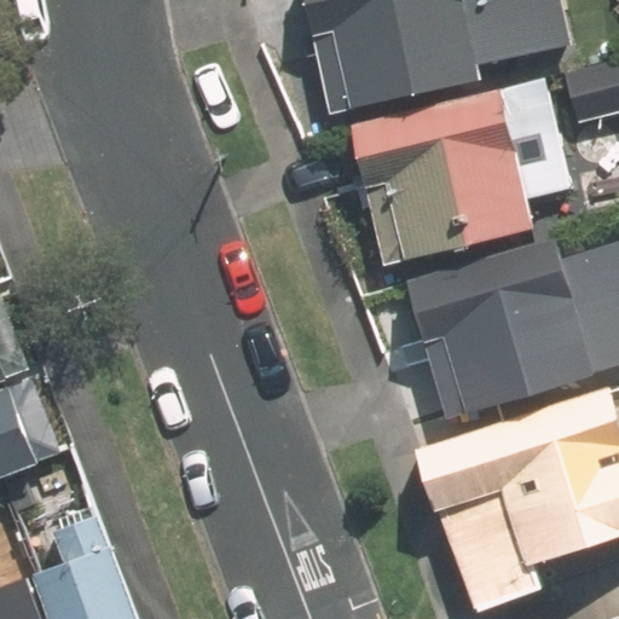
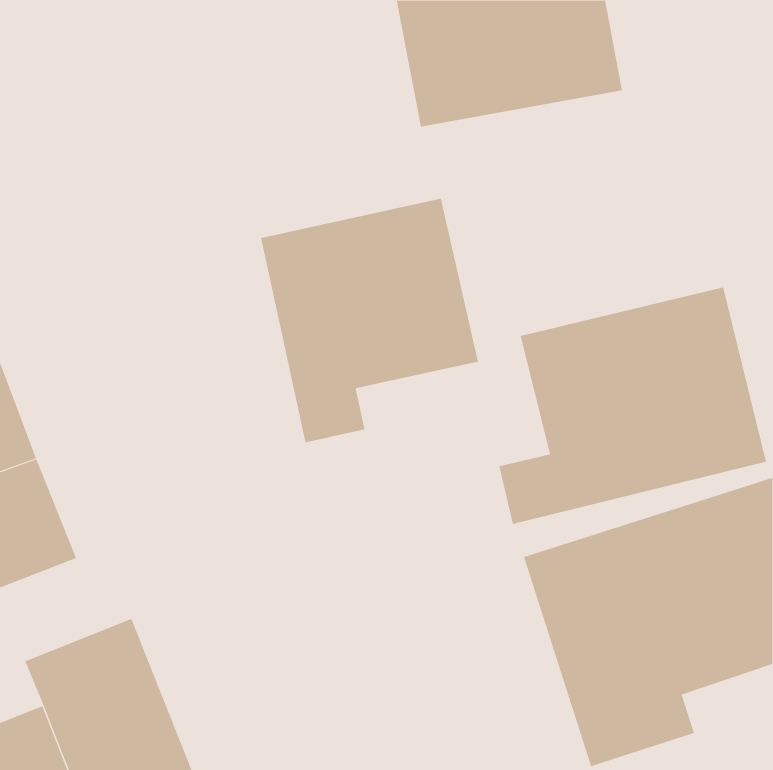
building: [361,86,542,265] -> none
building: none -> [260,198,478,443]

